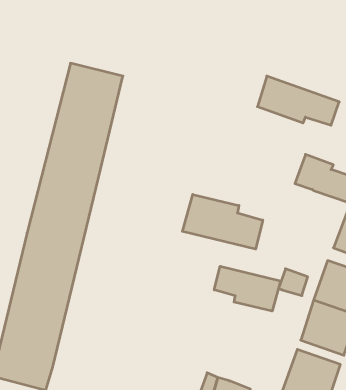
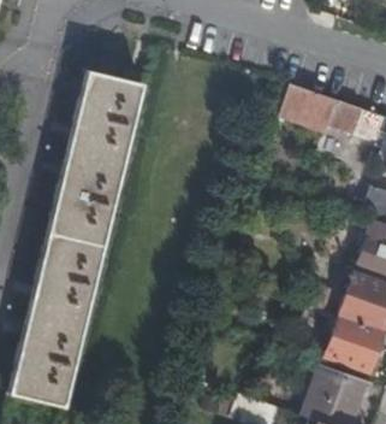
building: [182,194,263,249] -> none
building: [214,266,281,311] -> none

